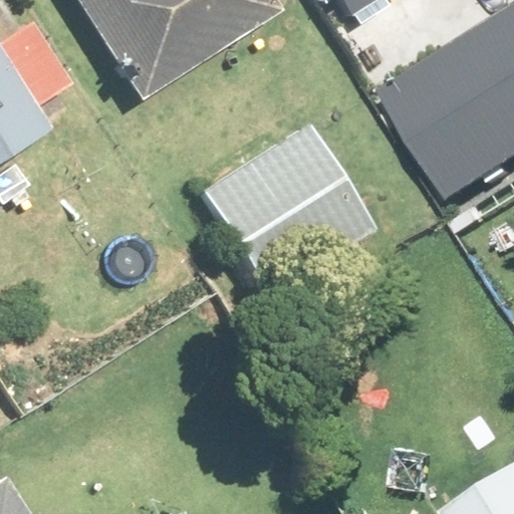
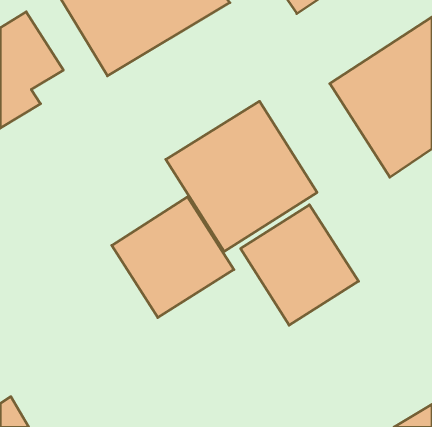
building: none -> [112,197,234,318]
building: none -> [241,205,359,325]

